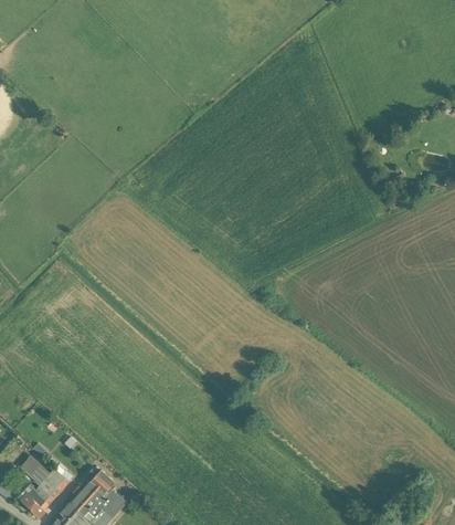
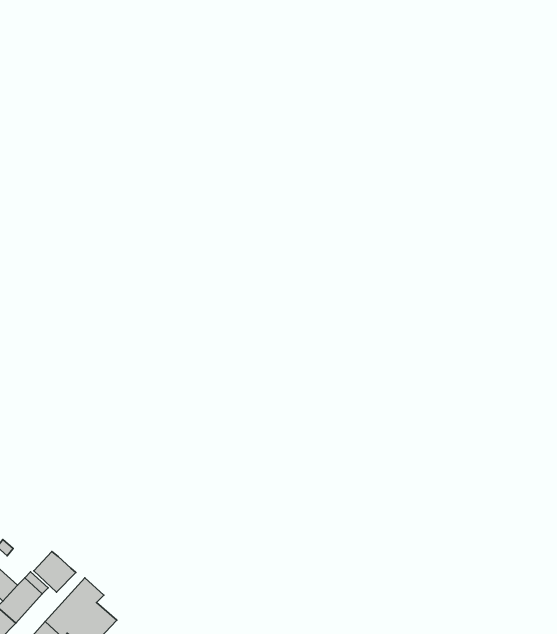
building: none -> [34,551,76,592]

